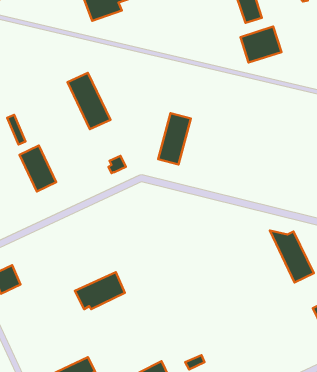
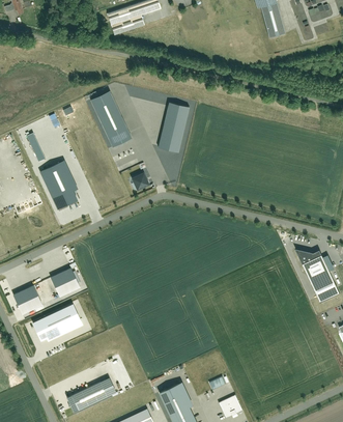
building: [240,27,281,63] -> none
building: [158,113,191,164] -> [156,103,190,154]
building: none -> [50,266,80,297]
building: [75,272,125,309] -> [32,304,83,341]

